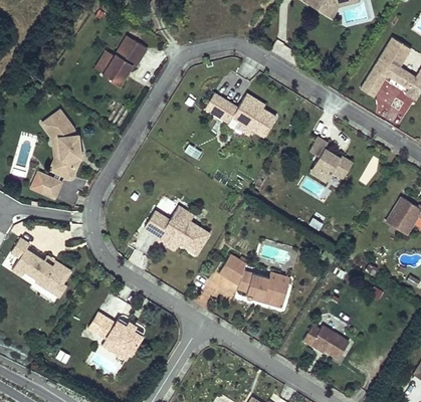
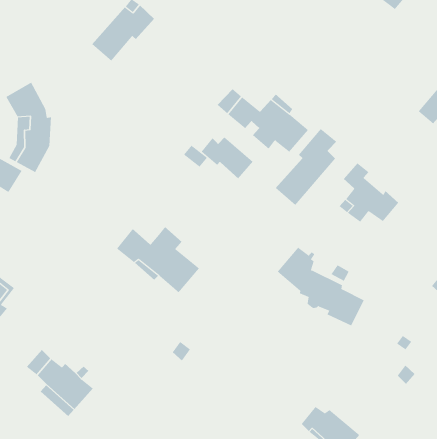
building: none -> [275,128,337,206]
building: none -> [201,137,254,179]
building: [218,253,287,308] -> [277,247,364,326]

